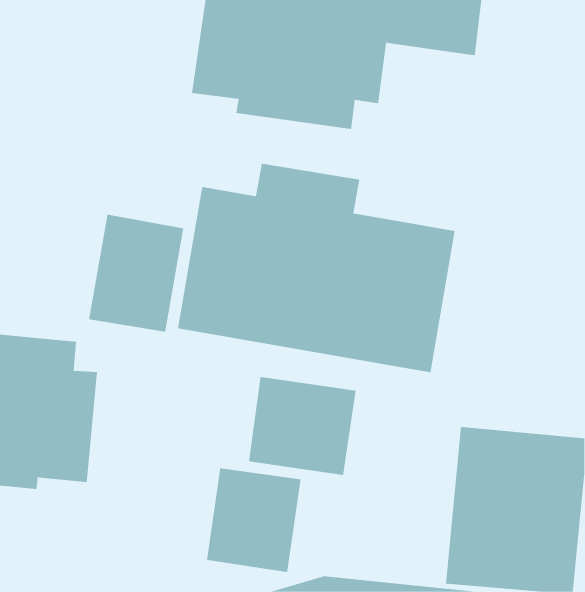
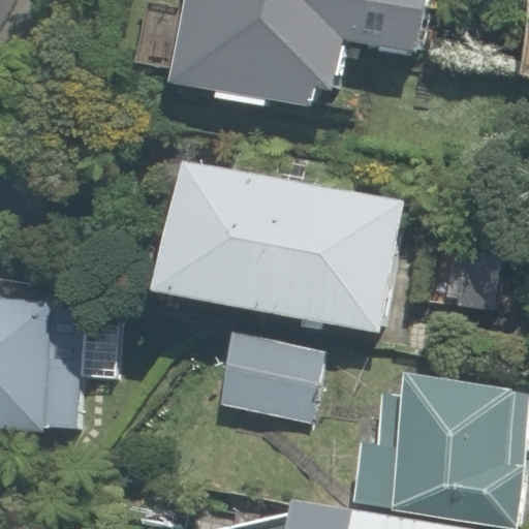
building: [89,214,184,333] -> none
building: [206,468,301,573] -> none

